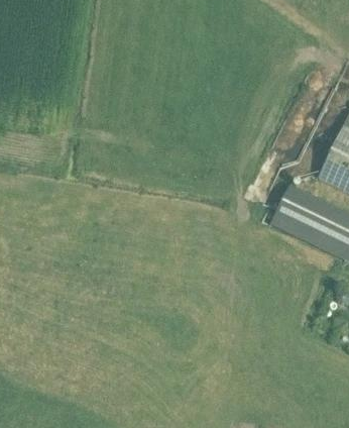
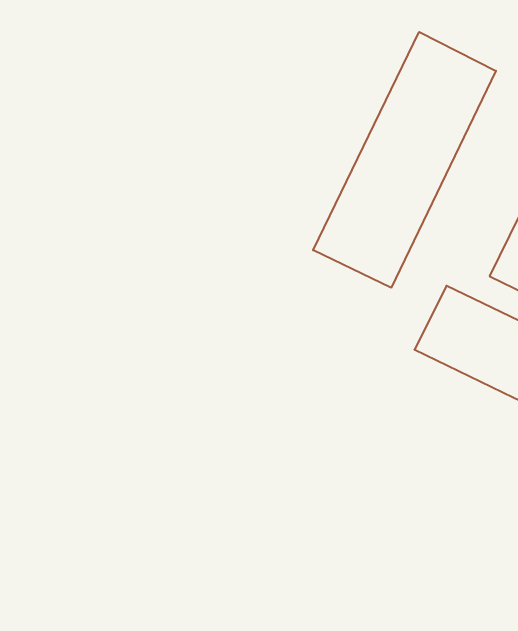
building: none -> [313,32,496,288]

